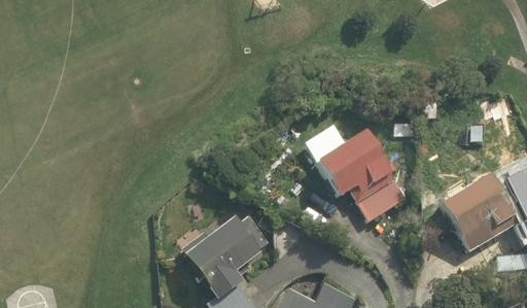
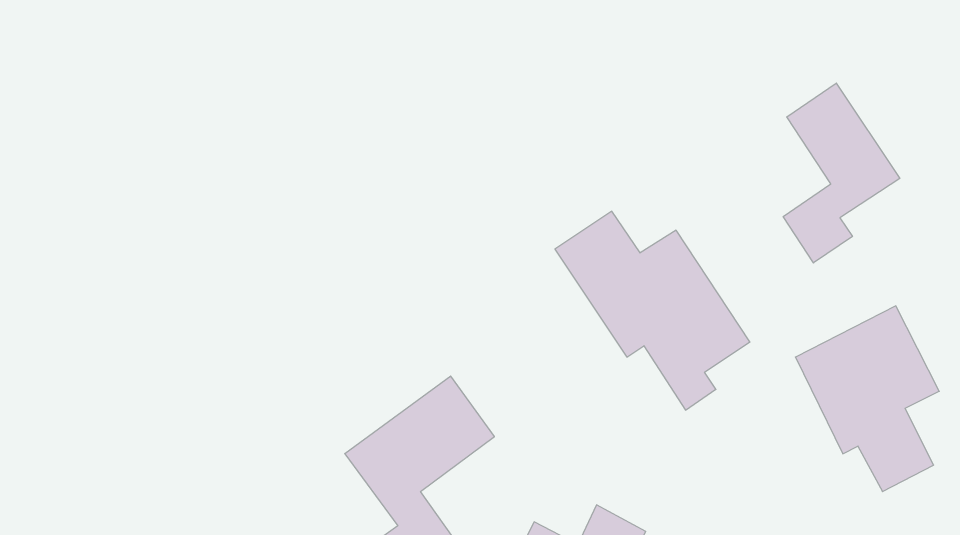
building: none -> [783,83,900,263]

